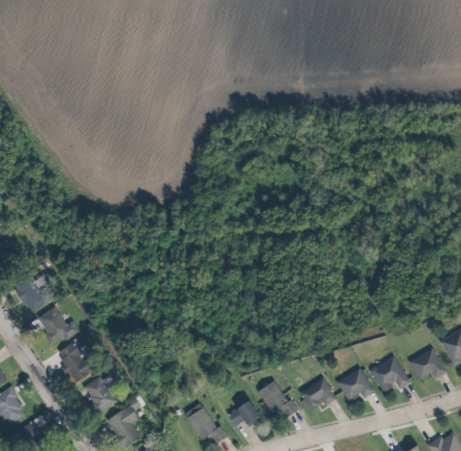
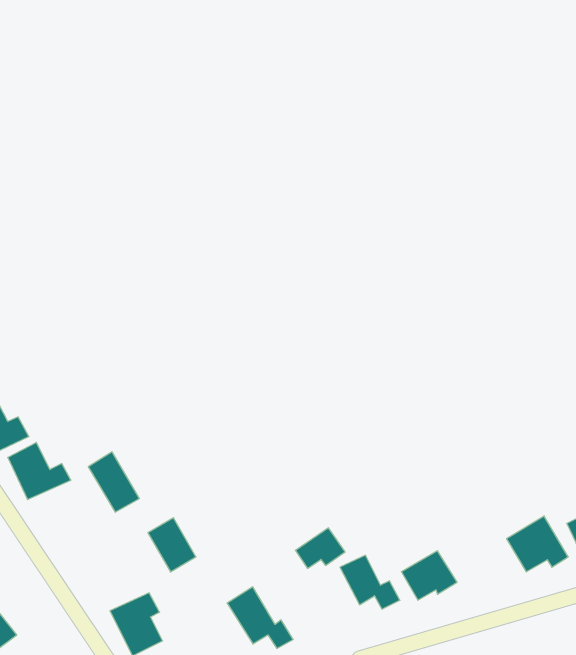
building: [57,342,91,382] -> [88,452,139,512]
building: [337,368,375,401] -> none
building: [84,376,116,412] -> [148,518,196,572]
building: [227,399,260,426] -> [295,528,345,568]

